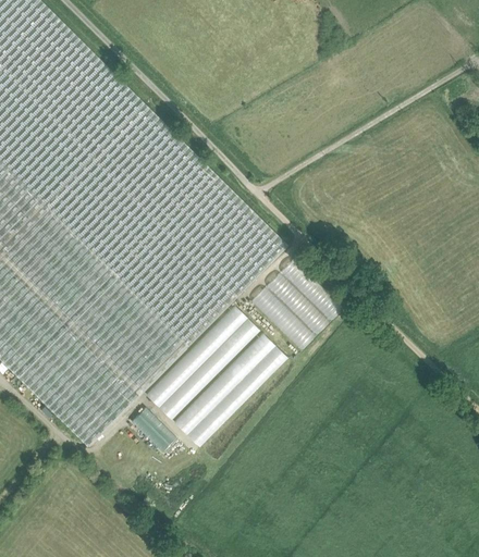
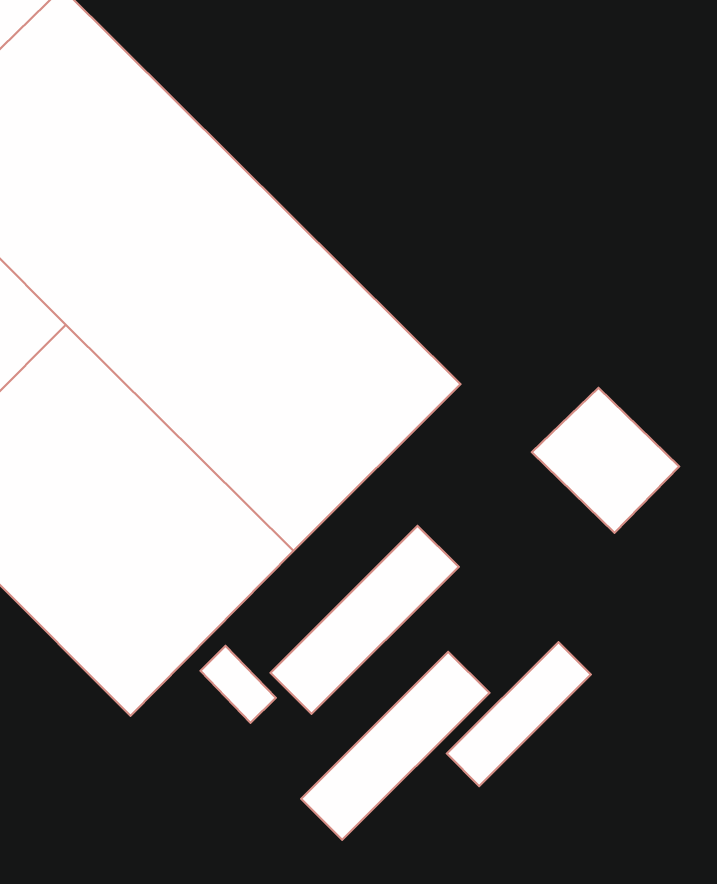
building: [250,261,340,349] -> [532,388,679,533]
building: [145,306,259,420] -> [301,652,489,840]
building: none -> [447,642,591,786]

